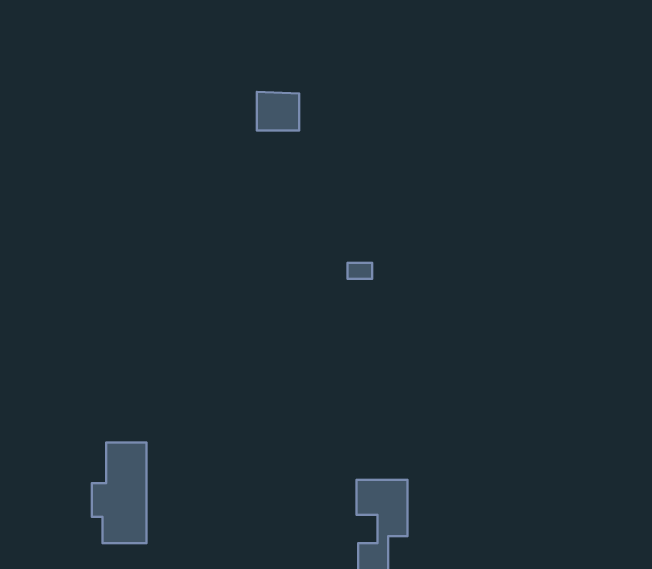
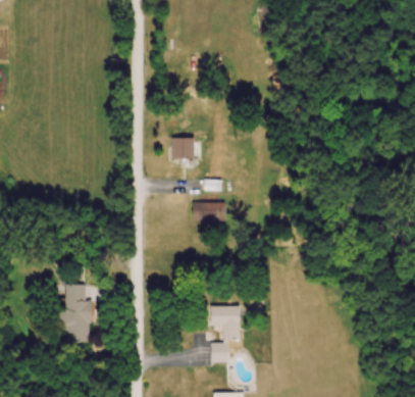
building: [257,92,299,131] -> [171,137,196,159]
building: none -> [195,201,225,219]

